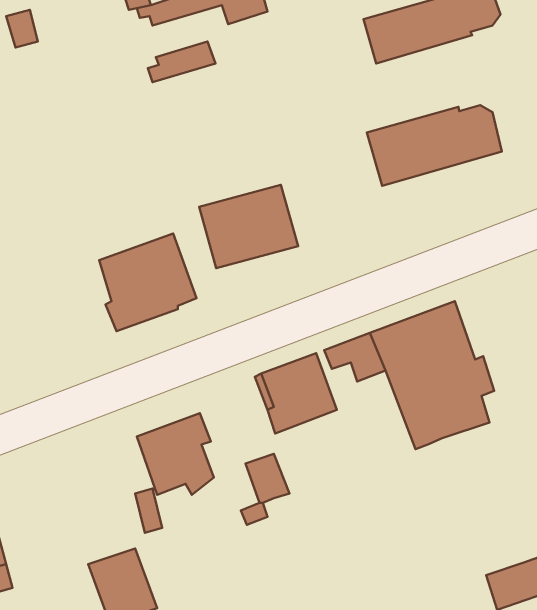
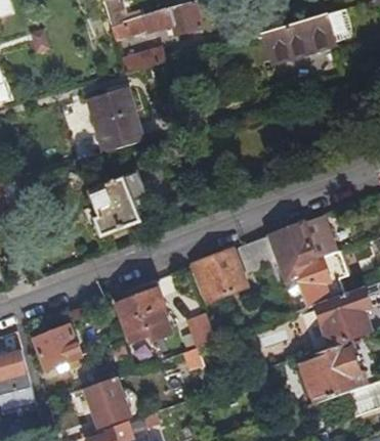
building: [367,105,502,186] -> none
building: [199,185,298,268] -> [79,100,143,155]
building: none -> [314,289,371,346]
building: none -> [33,324,80,368]
building: none -> [300,345,368,404]

